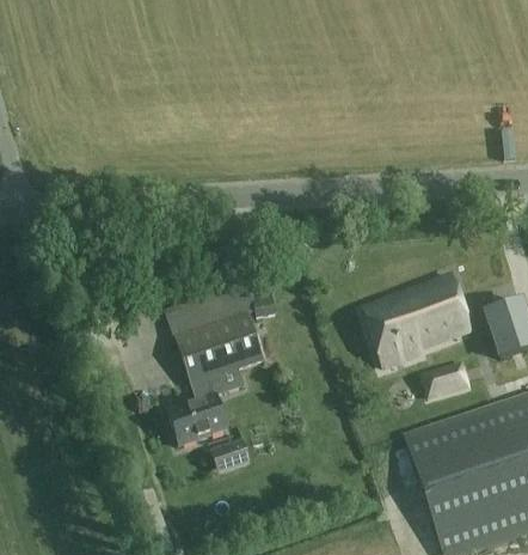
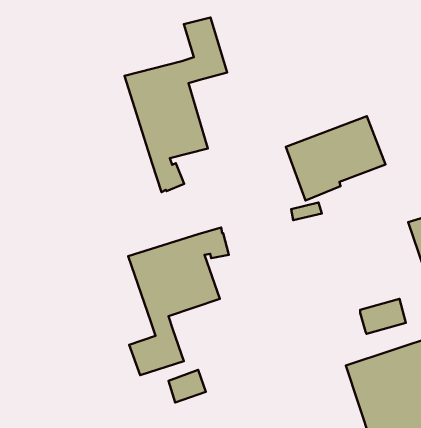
building: none -> [125,17,227,192]
building: [362,276,471,368] -> [286,116,385,201]

